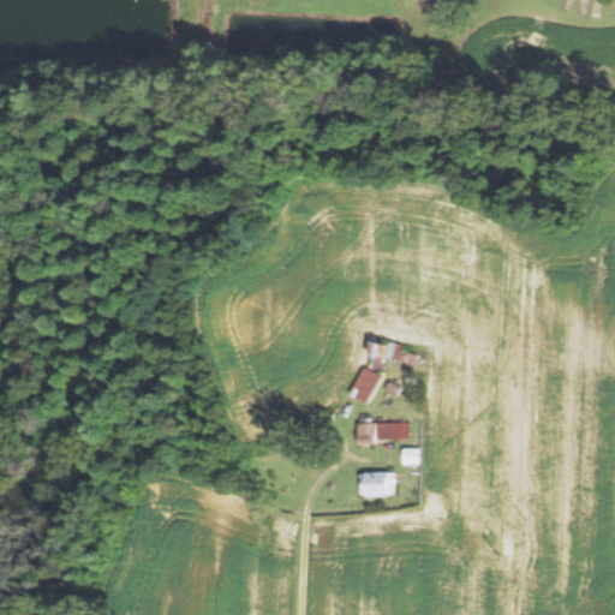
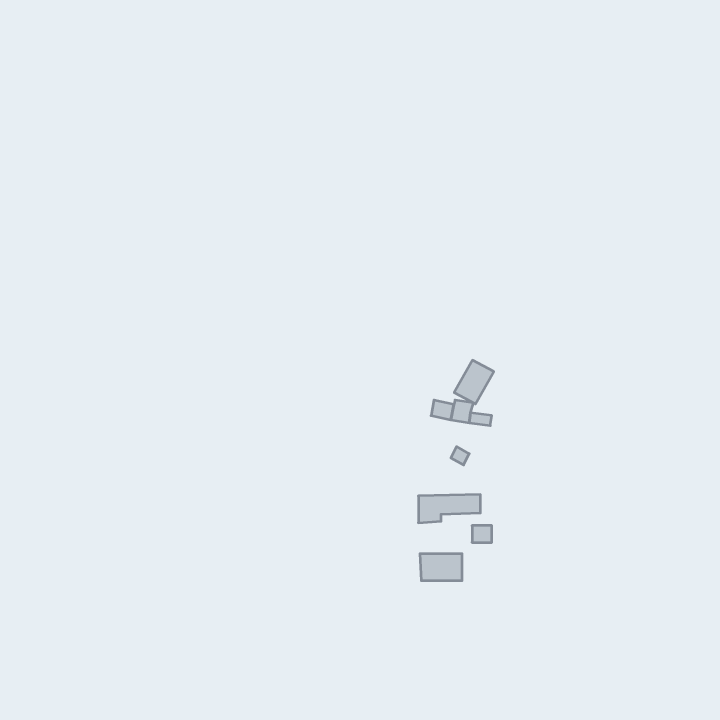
building: [348,366,382,404] -> [454,360,494,404]

